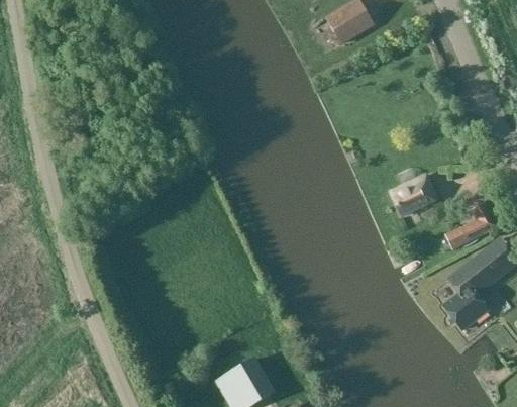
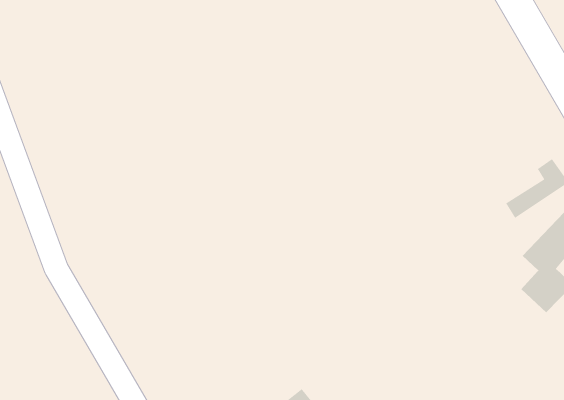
building: [390,174,437,215] -> none

